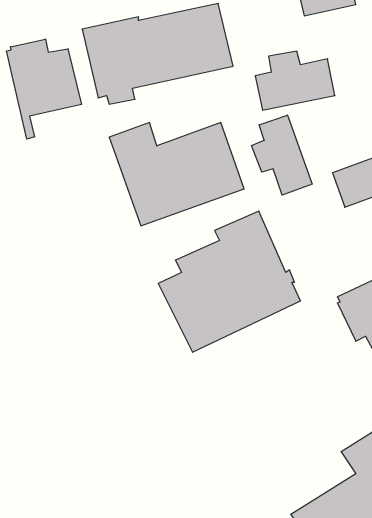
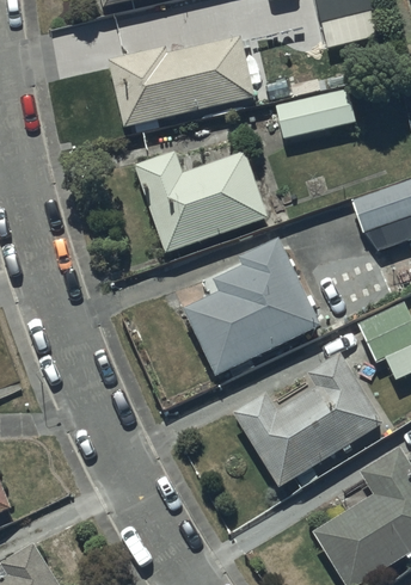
building: [7,39,81,139] -> none
building: [252,115,312,195] -> none
building: none -> [234,355,384,488]

